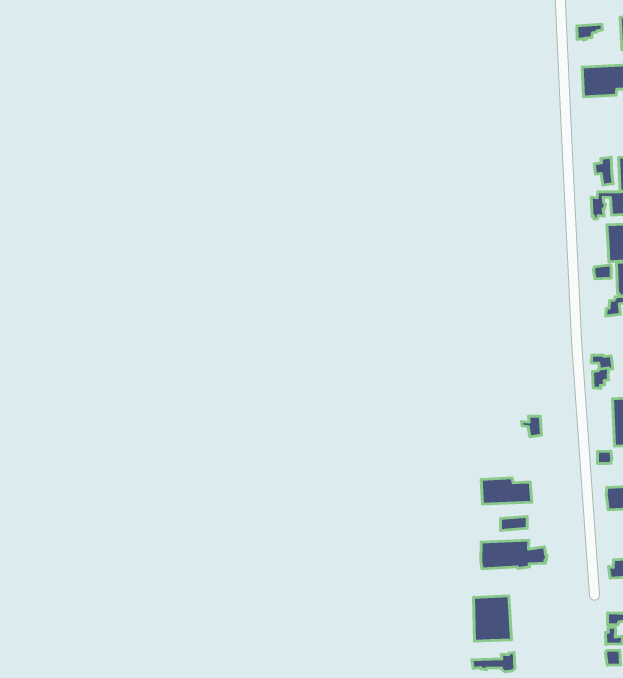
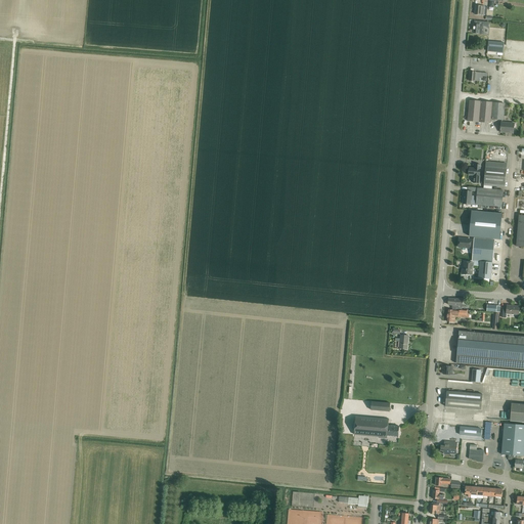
building: [481,478,532,504] -> none
building: [473,596,512,641] -> none

